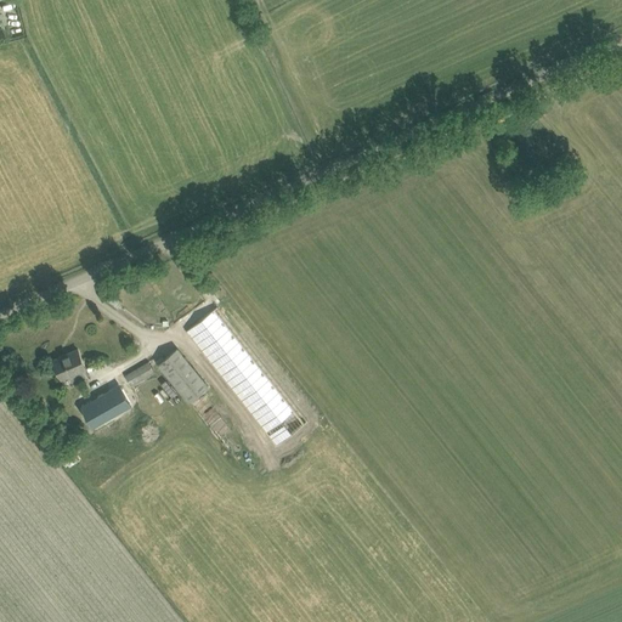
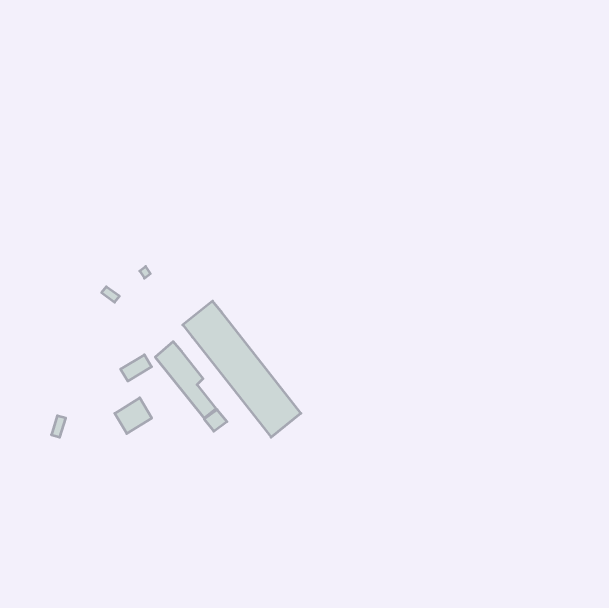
building: [53,351,85,381] -> none
building: [80,392,118,429] -> [115,398,152,434]

